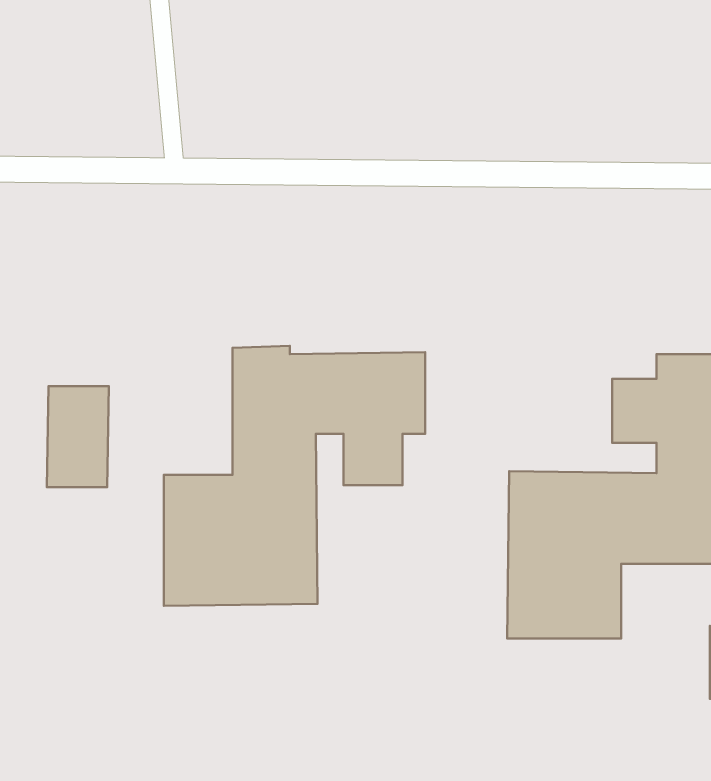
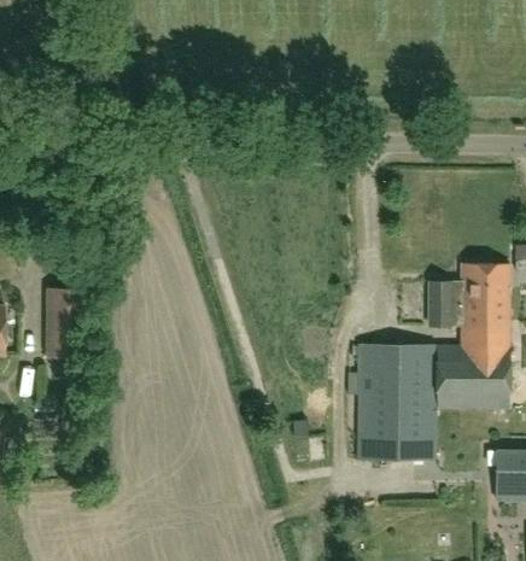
building: [164,346,425,606] -> none

